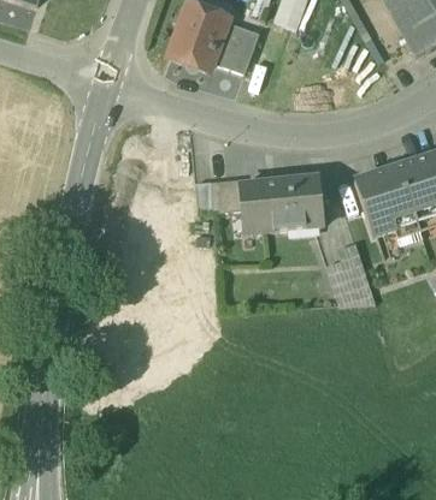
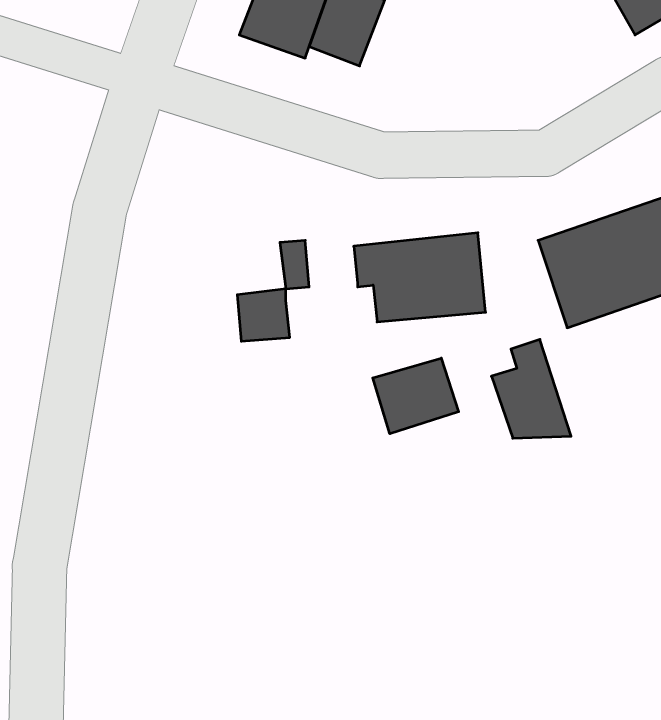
building: [210,177,242,209] -> [237,289,290,341]
building: none -> [373,358,459,434]

